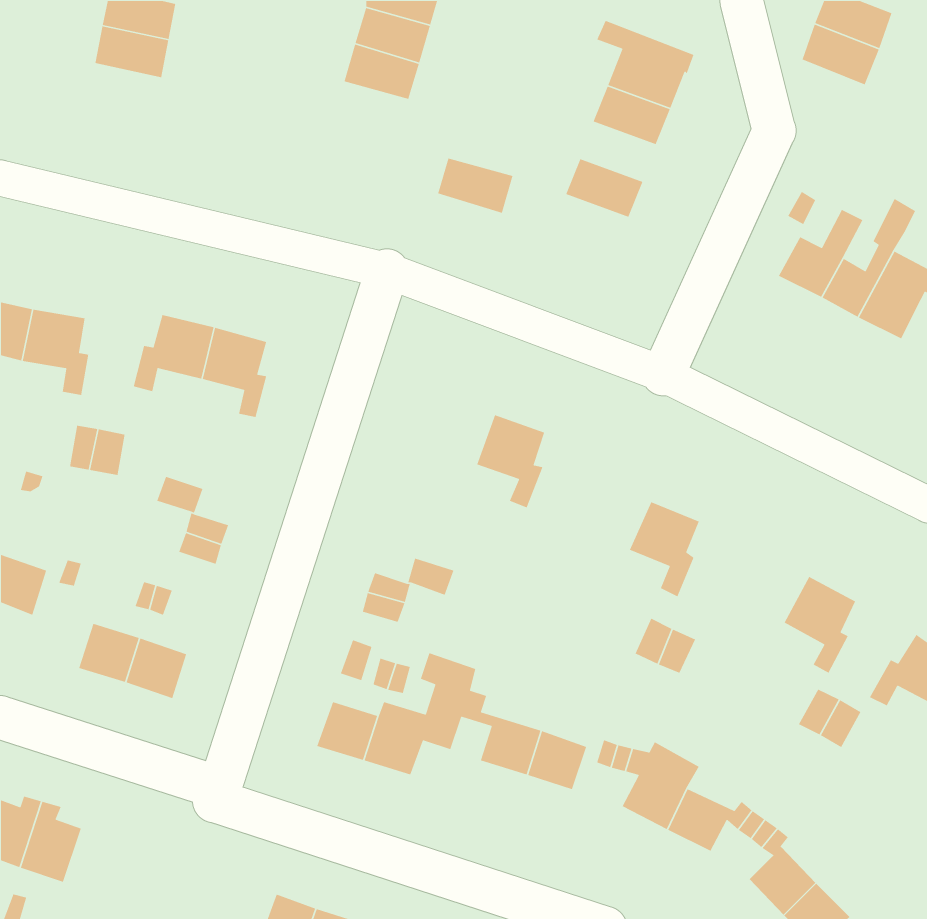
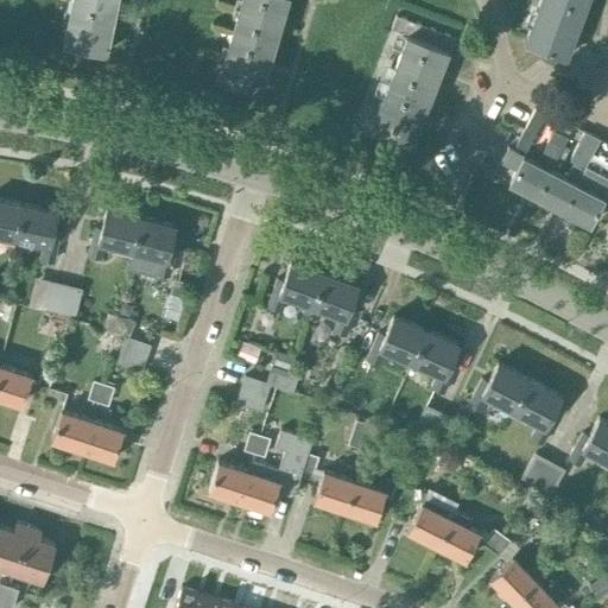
building: none -> [380,86,430,125]
building: [437,157,513,214] -> [218,59,268,96]
building: none -> [268,265,324,315]
building: none -> [367,319,426,368]
building: none -> [469,366,530,414]

